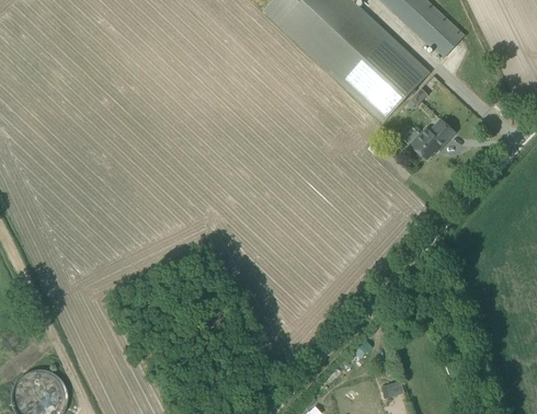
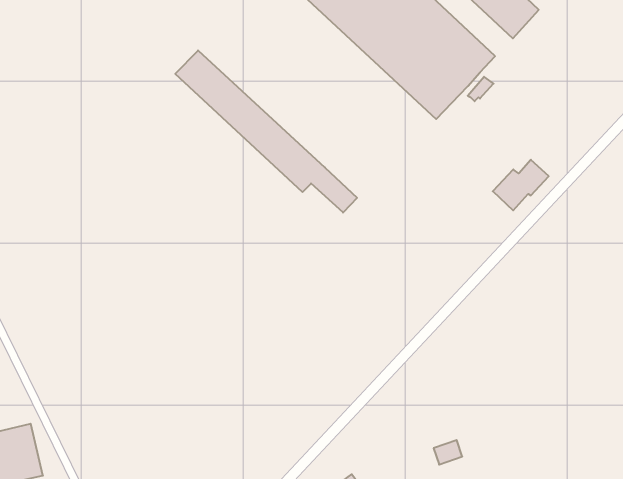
building: none -> [175,50,357,213]
building: [410,119,455,160] -> [493,160,549,210]

